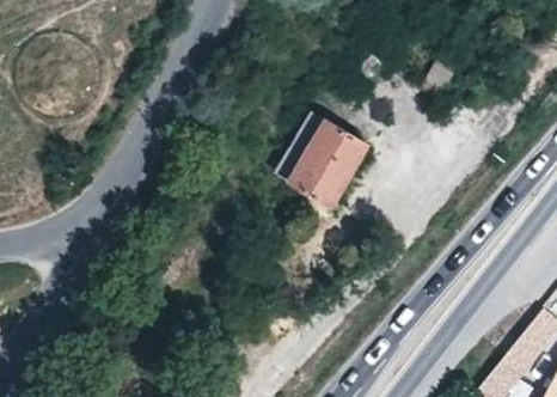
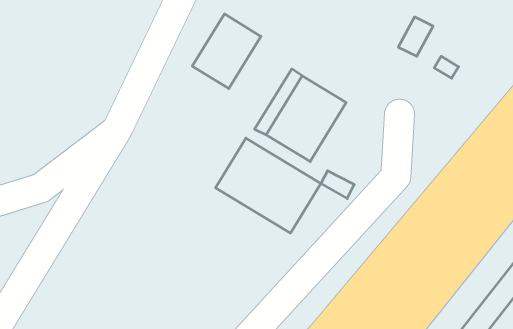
building: none -> [192,14,261,89]
building: none -> [216,138,321,233]

